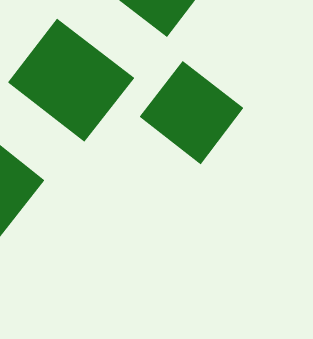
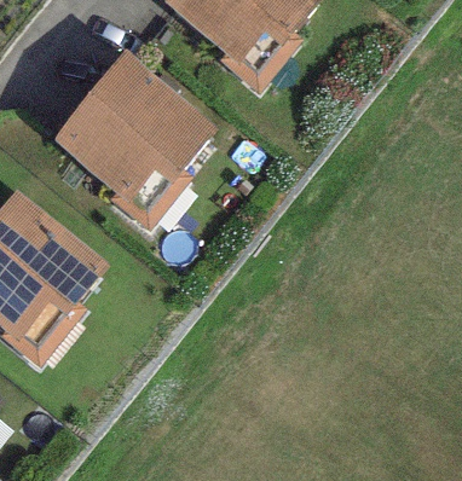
building: [138,60,245,166] -> none

